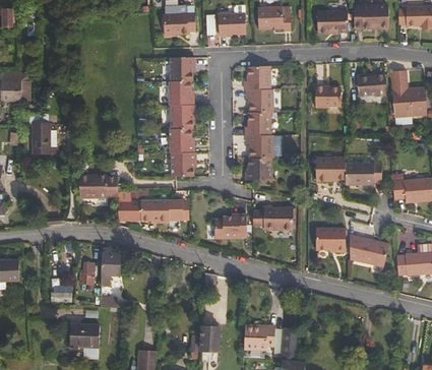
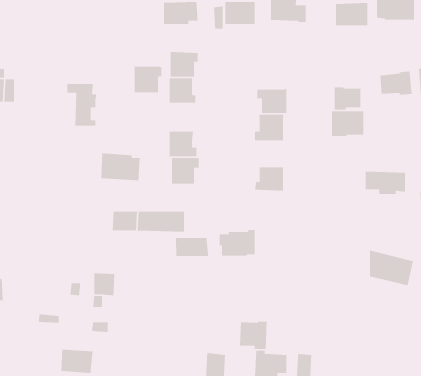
building: [245,66,271,90] -> none
building: [170,104,195,128] -> [134,66,162,93]
building: [26,116,54,155] -> [66,83,97,127]
building: [247,137,274,160] -> none
building: [314,158,344,181] -> [331,110,364,137]
building: [76,178,112,203] -> [101,153,140,181]
building: [254,206,292,230] -> none
building: none -> [175,237,209,257]
building: [314,228,343,252] -> none
building: none -> [239,321,268,350]

